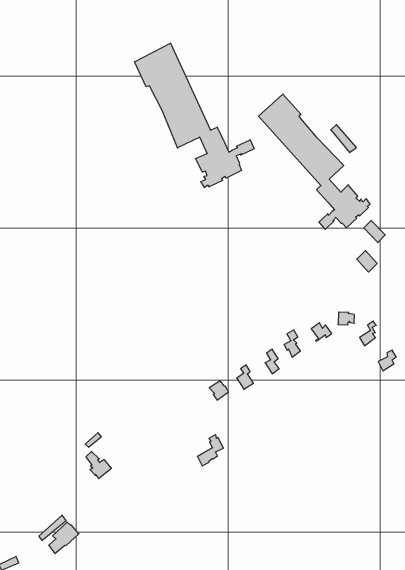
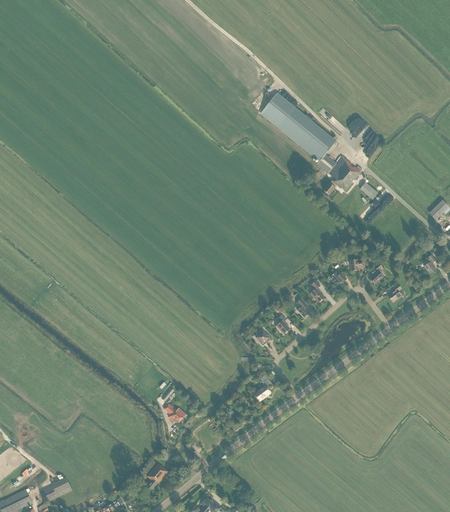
building: [135,43,254,188] -> none

